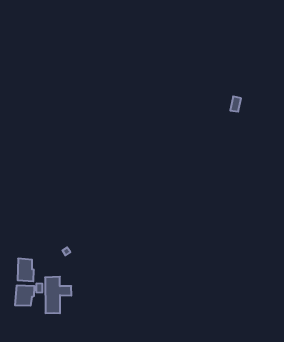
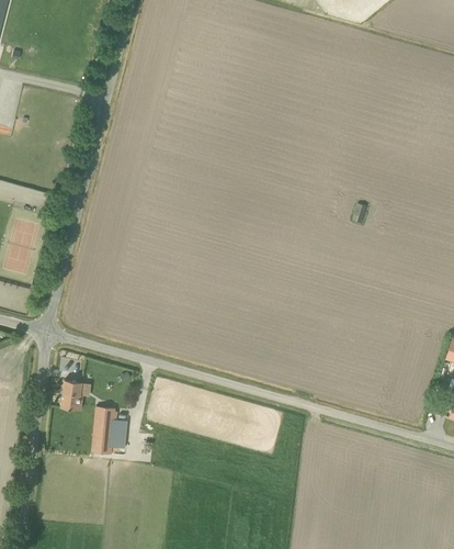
building: [15,285,34,306] -> none

